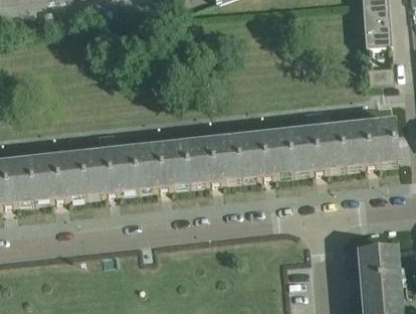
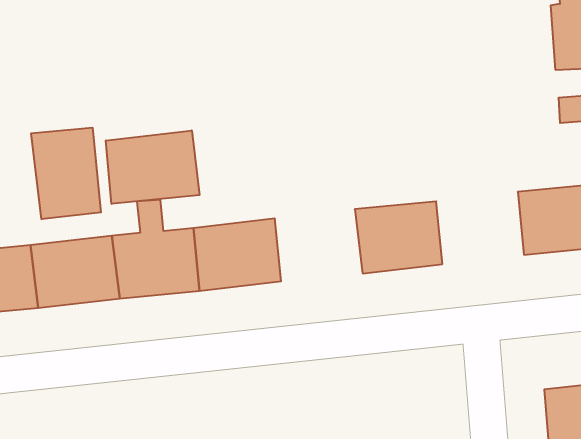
building: none -> [31,128,101,219]
building: none -> [106,130,199,204]
building: [289,109,346,173] -> none
building: [186,138,242,184] -> none

